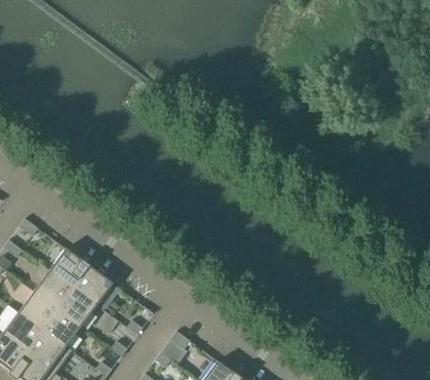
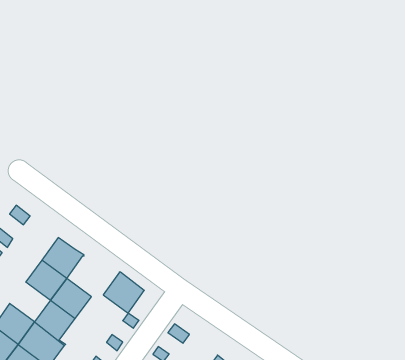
building: [74,266,113,305] -> [103,272,144,313]
building: [19,291,58,329] -> none

